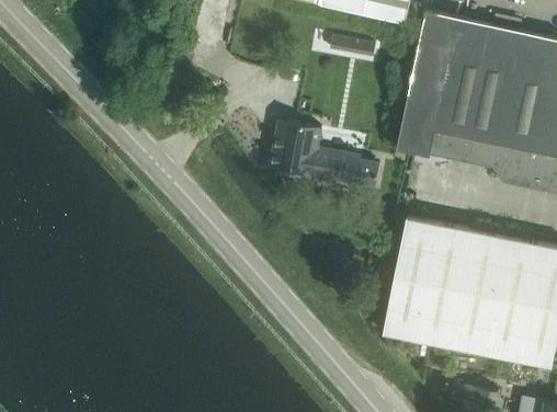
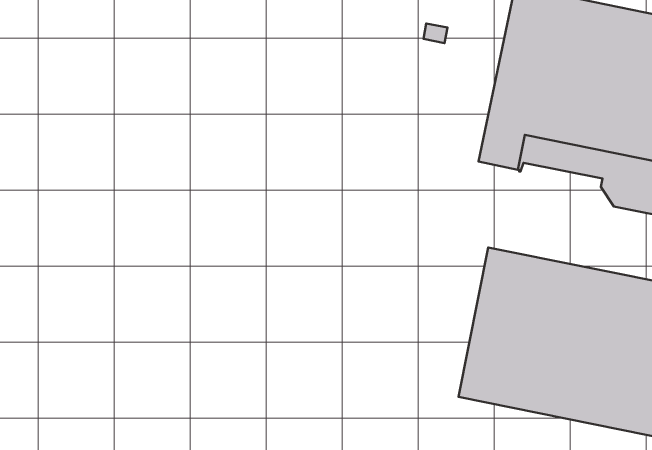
building: [271,122,380,190] -> none

